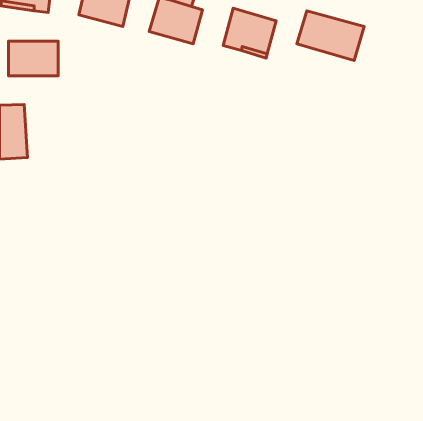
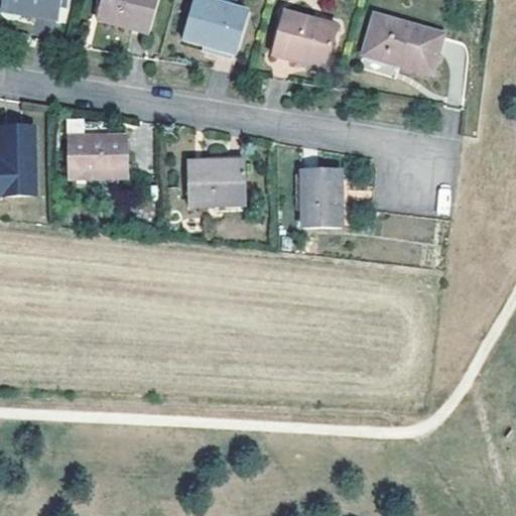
building: [9,41,58,76] -> [67,135,127,177]
building: none -> [186,159,244,205]
building: none -> [300,170,342,226]

